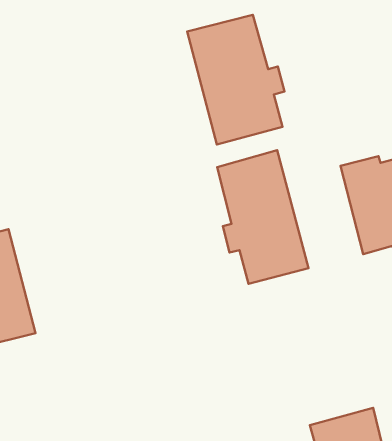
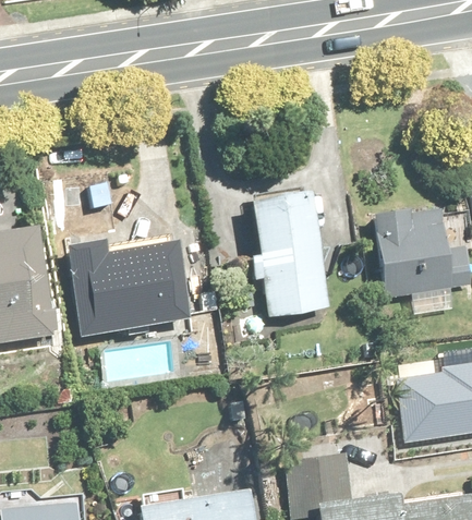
building: [187,15,284,144] -> none
building: none -> [70,239,190,334]

